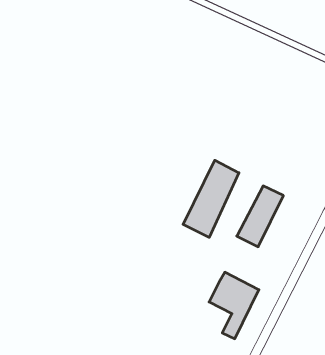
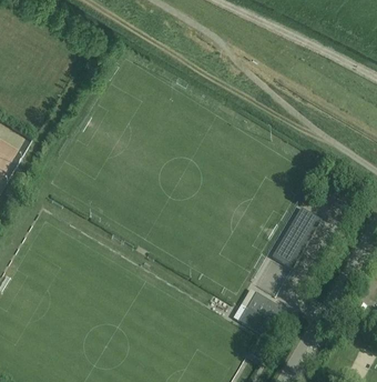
building: [183,160,239,237] -> none

